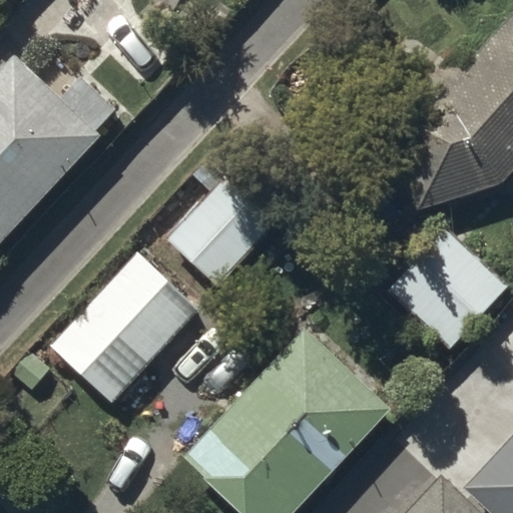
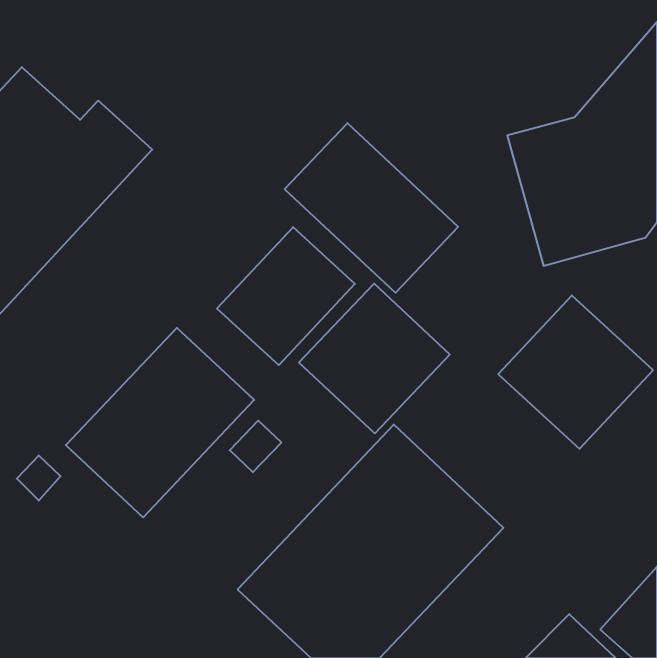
building: none -> [285,123,458,293]
building: none -> [299,284,450,433]

